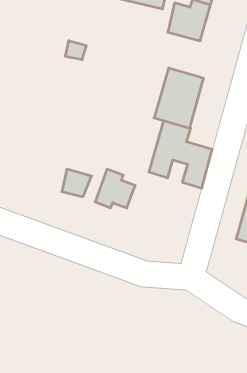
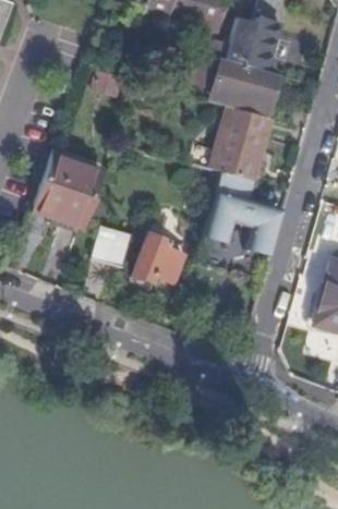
building: none -> [212,56,281,116]
building: none -> [31,161,99,233]

